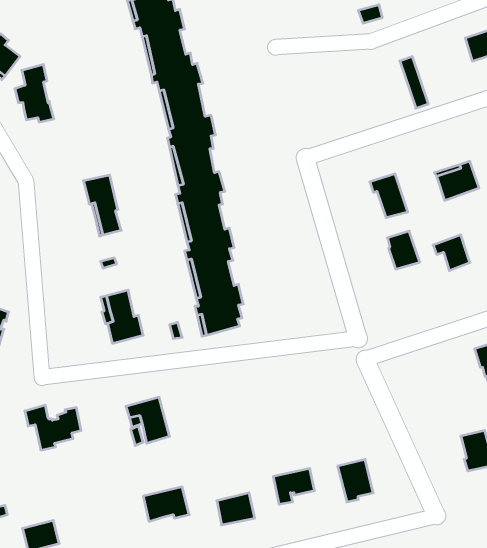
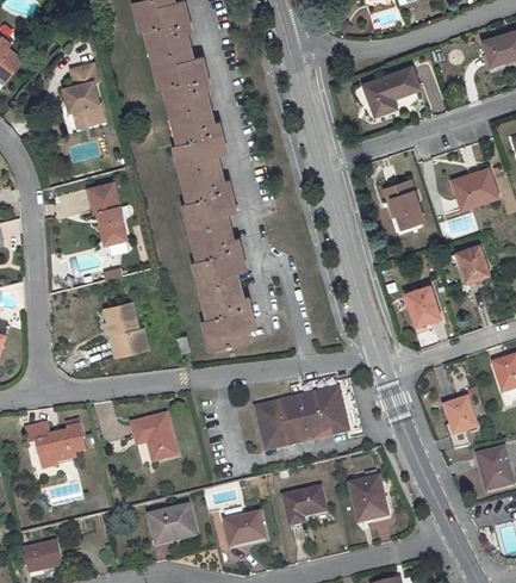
building: none -> [363,66,419,116]
building: [15,65,54,122] -> [63,63,104,123]
building: [387,231,420,269] -> [406,286,440,325]
building: none -> [255,387,348,449]
building: none -> [443,397,475,447]

